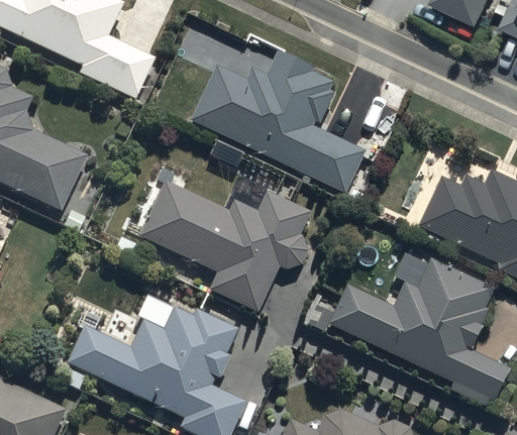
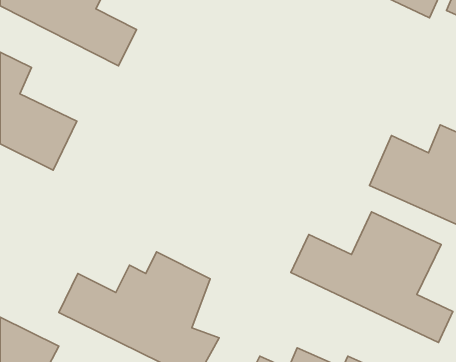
building: [190,44,365,193] -> none
building: [136,177,310,313] -> none

